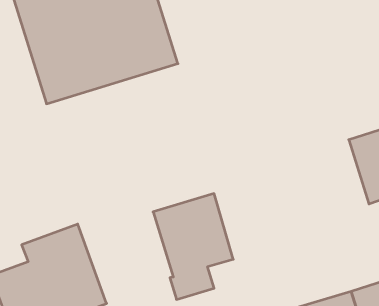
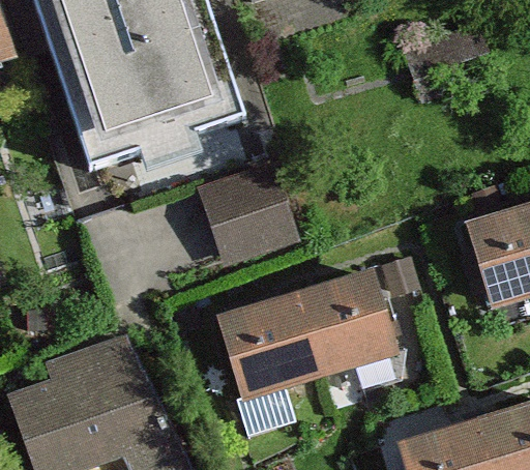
building: none -> [201,156,300,261]
building: none -> [297,271,398,379]

